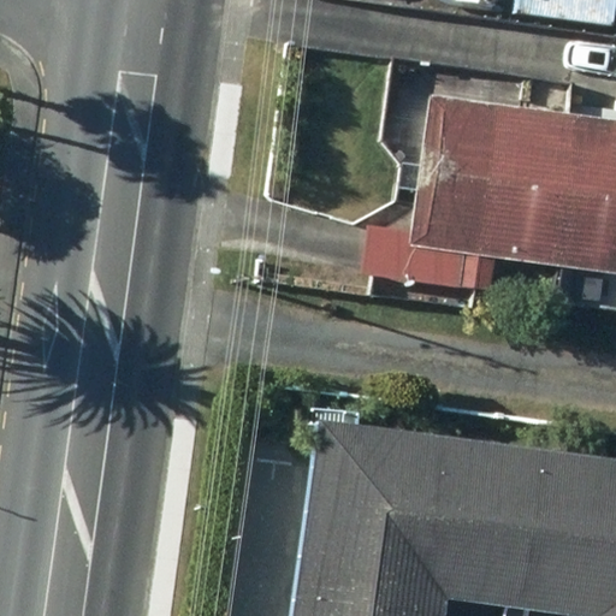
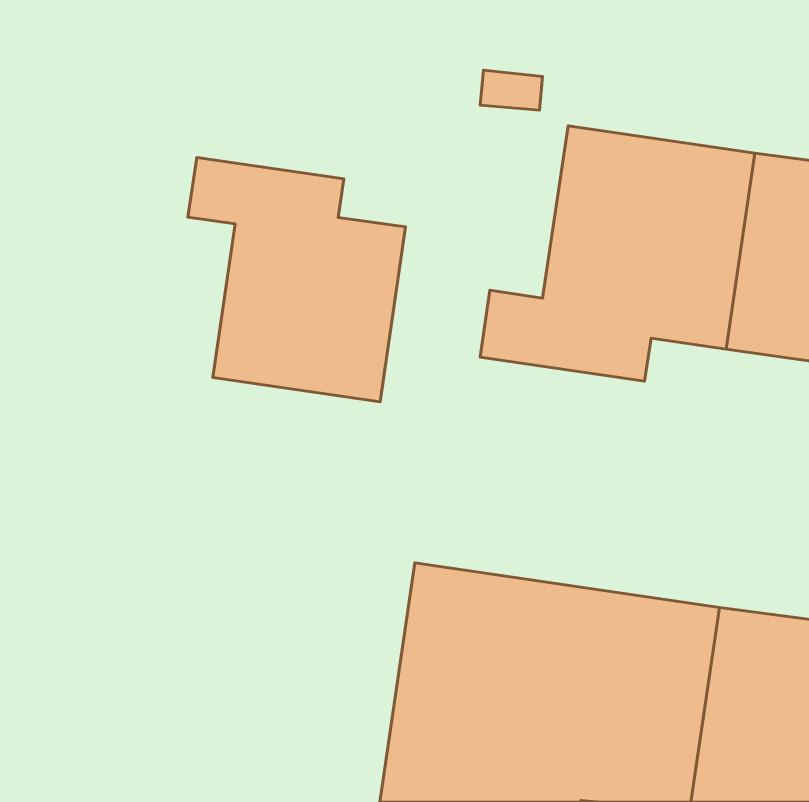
building: none -> [188,157,405,402]

